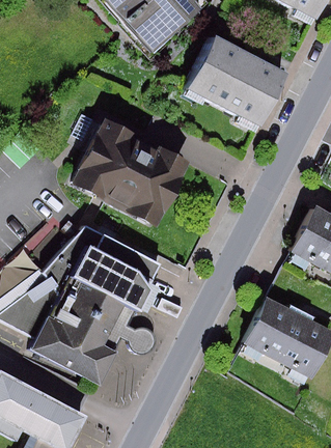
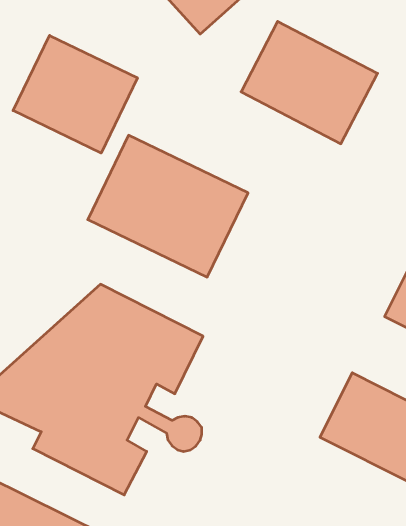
building: none -> [13,35,137,153]

